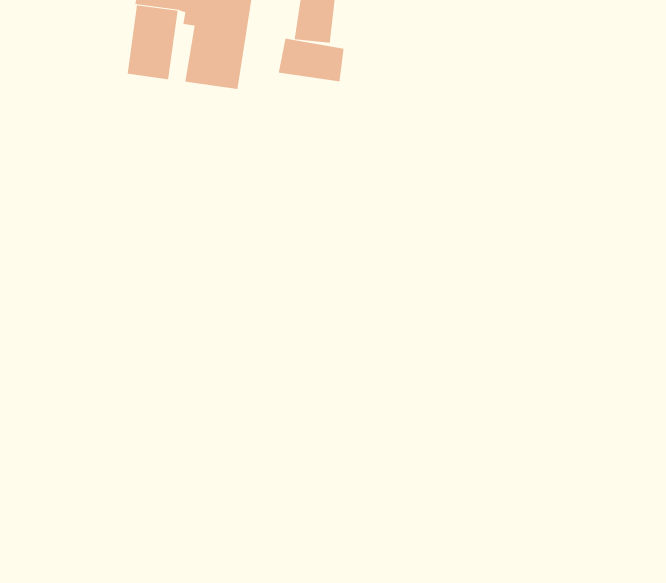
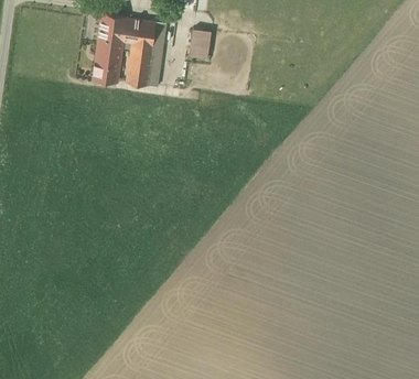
building: [278,38,344,82] -> none

